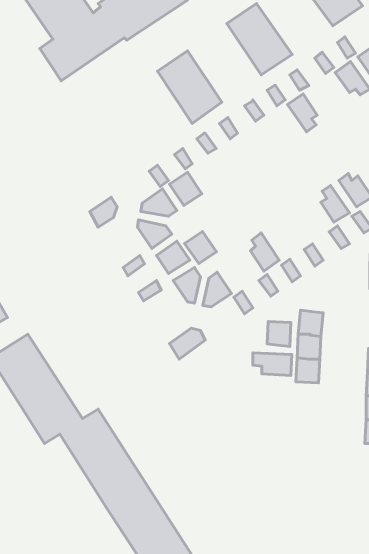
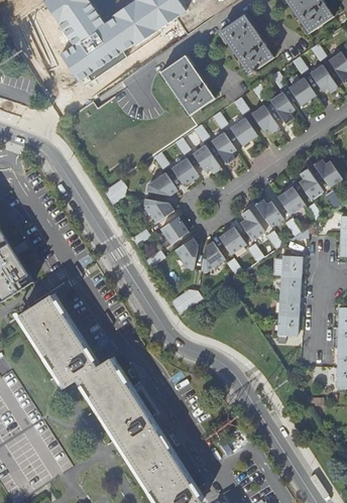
building: none -> [290,77,317,105]
building: none -> [251,104,280,132]
building: none -> [230,117,257,145]
building: none -> [211,131,236,163]
building: none -> [192,144,221,173]
building: none -> [276,186,304,215]
building: none -> [254,200,282,228]
building: [184,231,217,264] -> [217,228,244,255]
building: [267,321,291,346] -> [281,255,302,276]
building: [253,353,292,375] -> none

